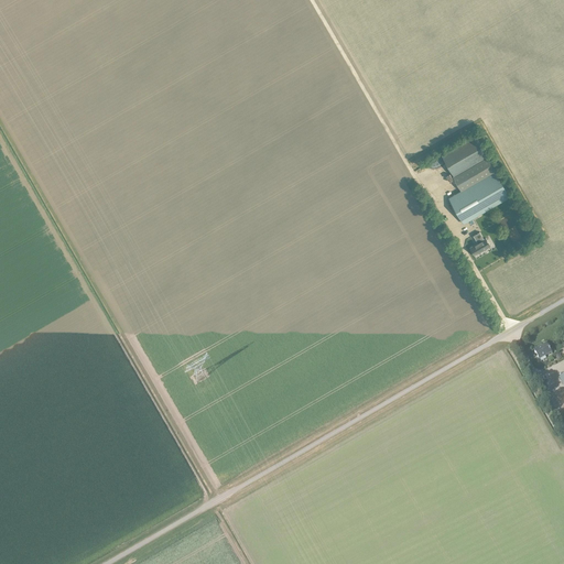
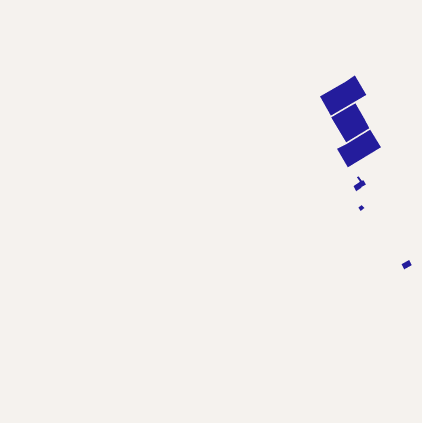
building: none -> [319,74,367,117]

